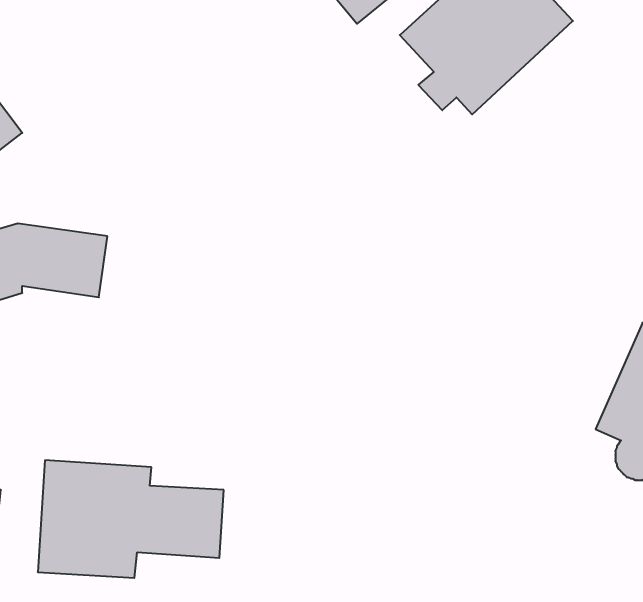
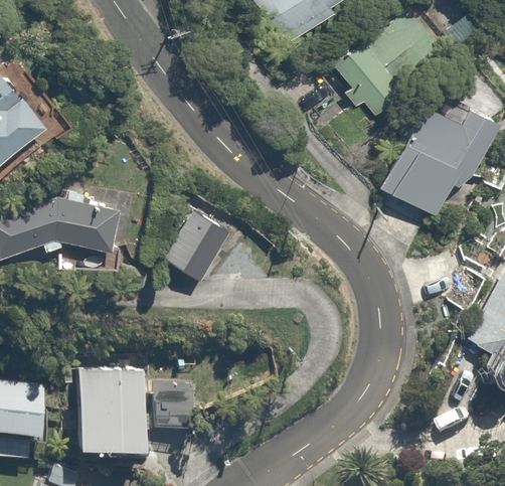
building: none -> [377,101,487,213]
building: none -> [163,210,229,283]

